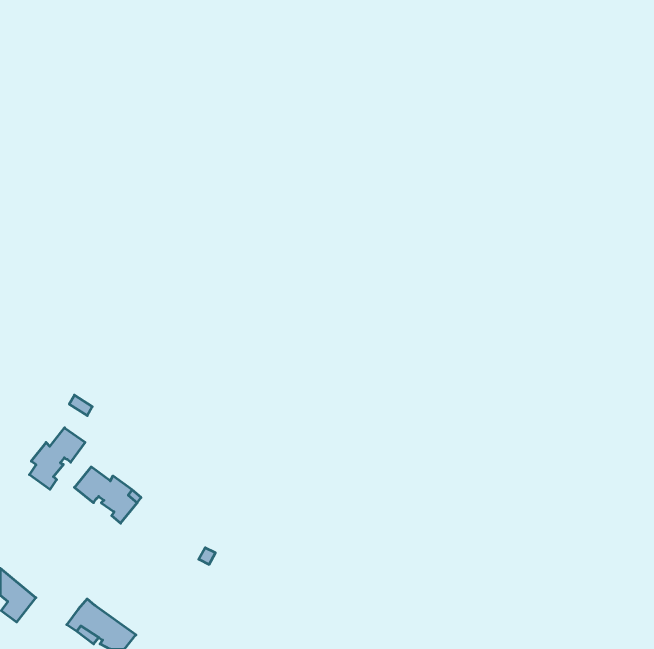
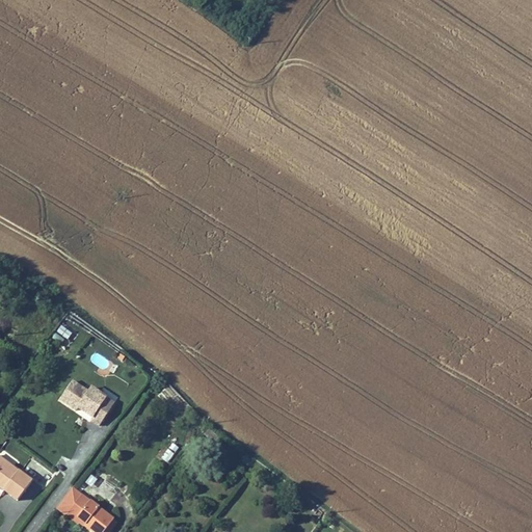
building: [29,428,85,489] -> none

